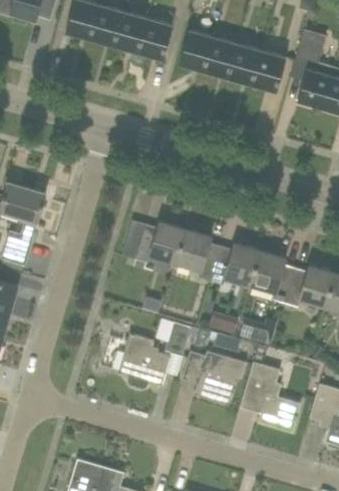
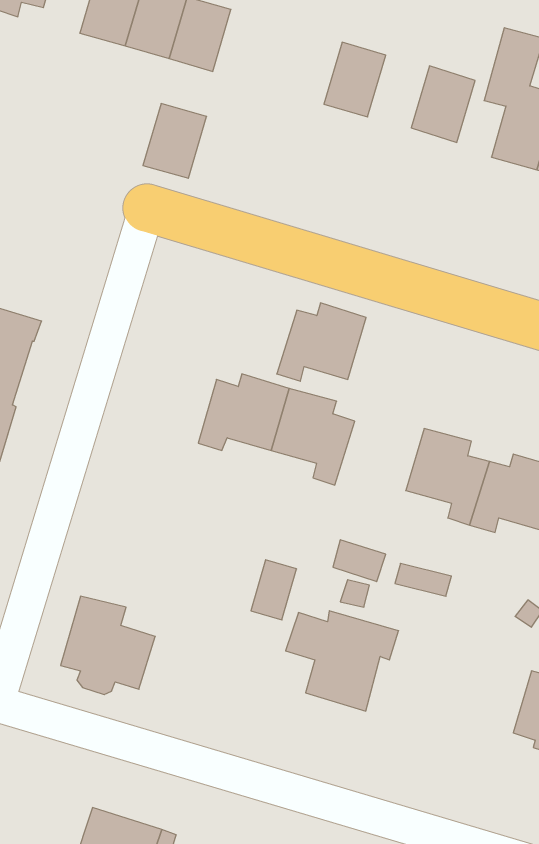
building: [143,20,179,61] -> [143,104,207,178]
building: [180,30,215,72] -> none
building: [229,45,263,85] -> none
building: [211,242,260,286] -> [277,303,366,381]
building: [118,335,171,389] -> [61,596,155,695]
building: [242,363,301,433] -> none

